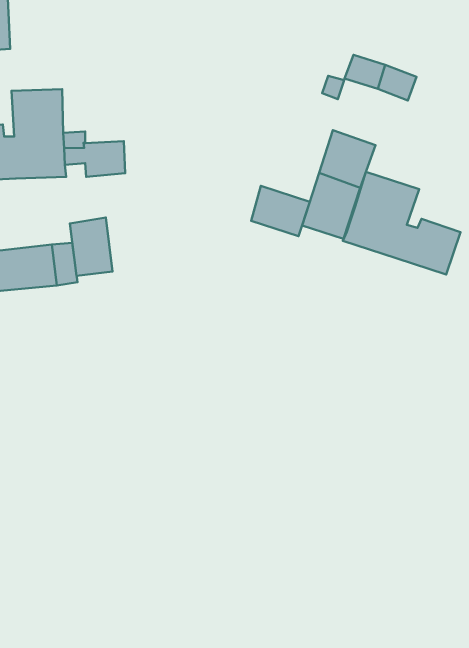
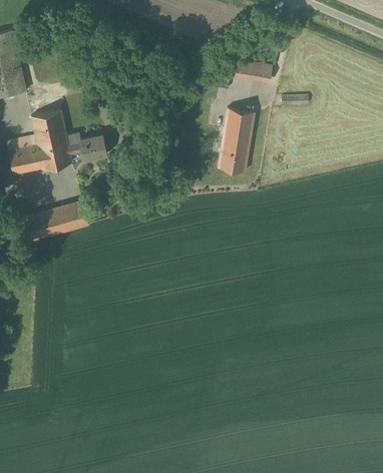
building: [343,172,461,275] -> none
building: [251,186,310,236] -> none
building: [70,218,112,276] -> none

